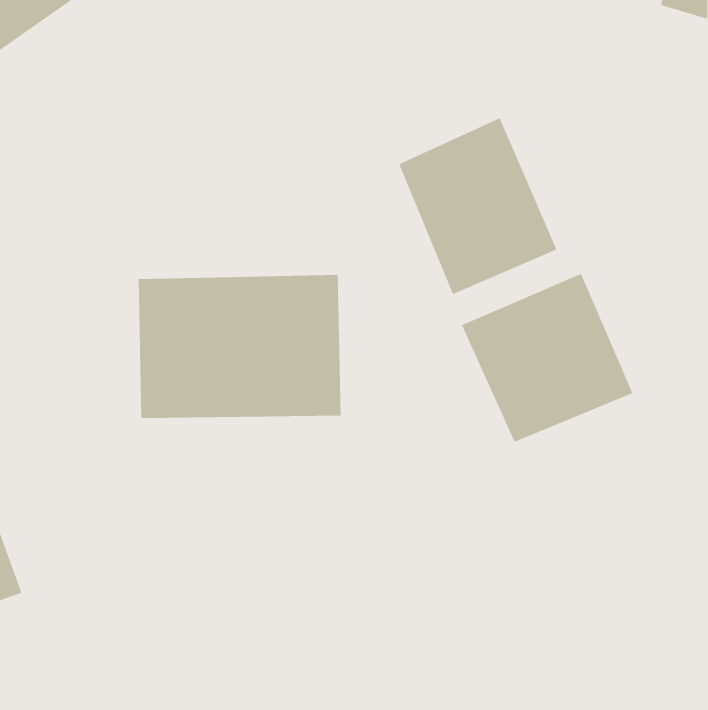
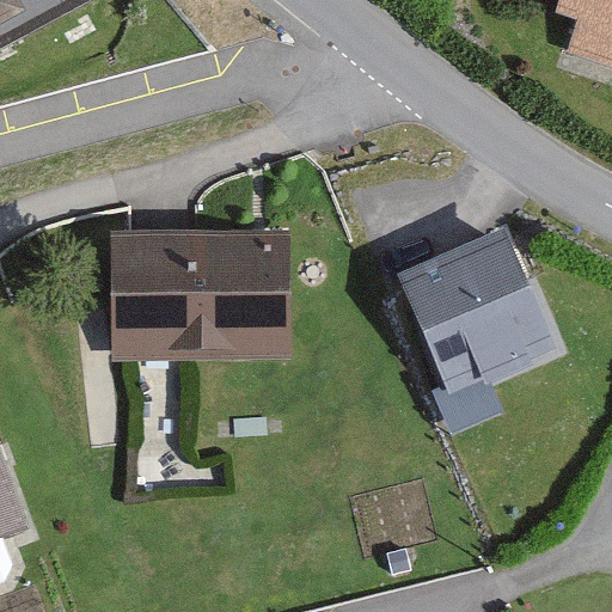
building: [398,117,557,295] -> none

